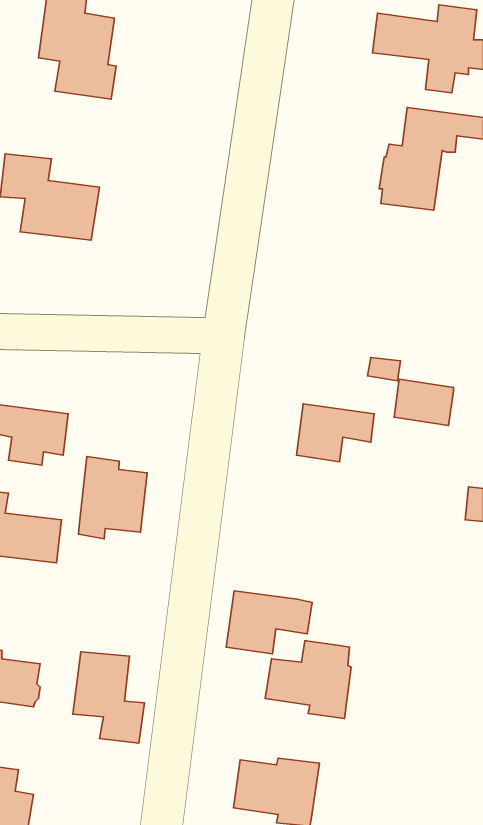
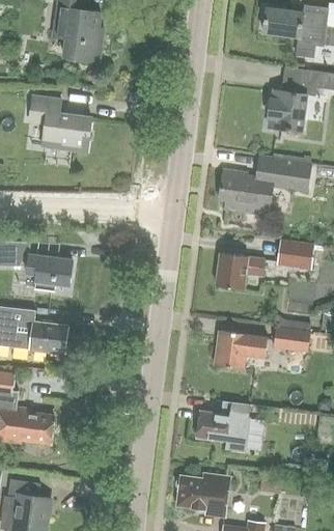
building: none -> [218,150,310,217]
building: [79,456,147,539] -> none
building: none -> [272,324,310,350]
building: [226,591,312,654] -> [213,331,267,370]
building: [73,652,144,743] -> none

